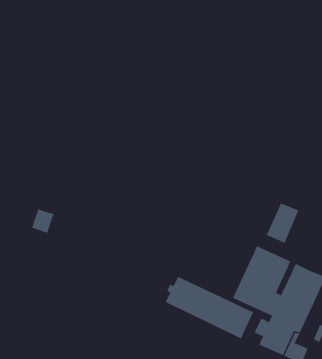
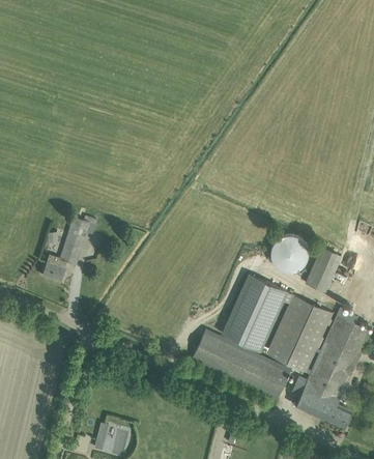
building: none -> [60,216,90,265]
building: none -> [269,234,307,272]
building: none -> [221,274,293,353]

